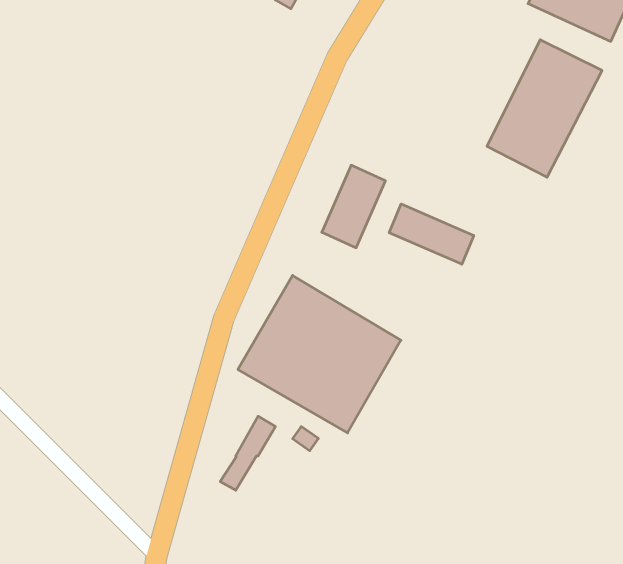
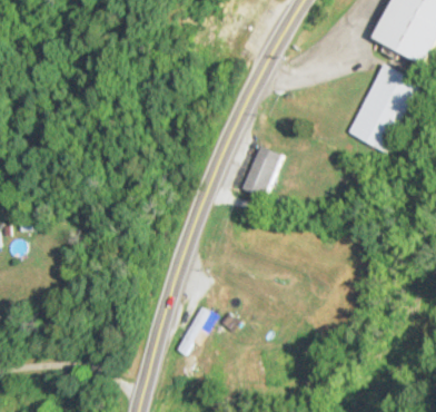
building: [389,204,474,264] -> none
building: [238,275,401,433] -> none

